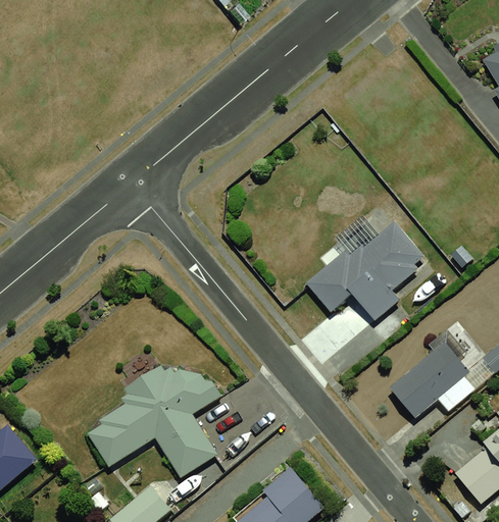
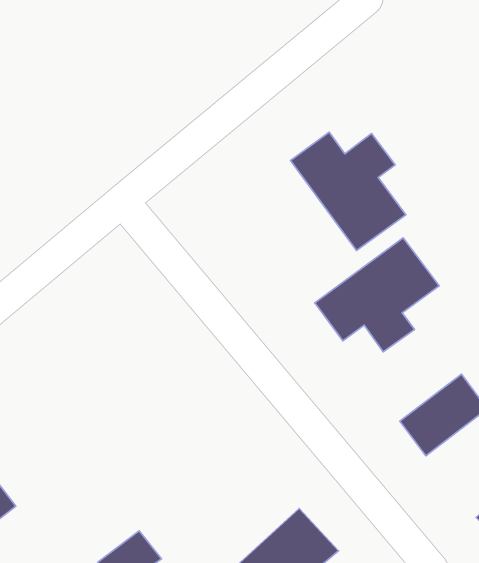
building: none -> [290,132,406,250]
building: [85,361,215,477] -> none

